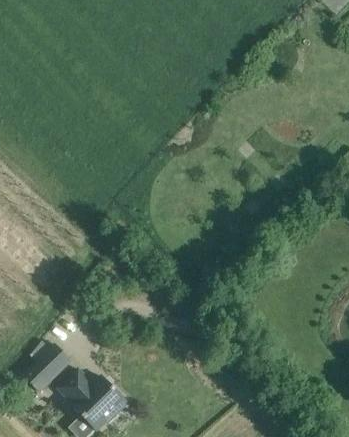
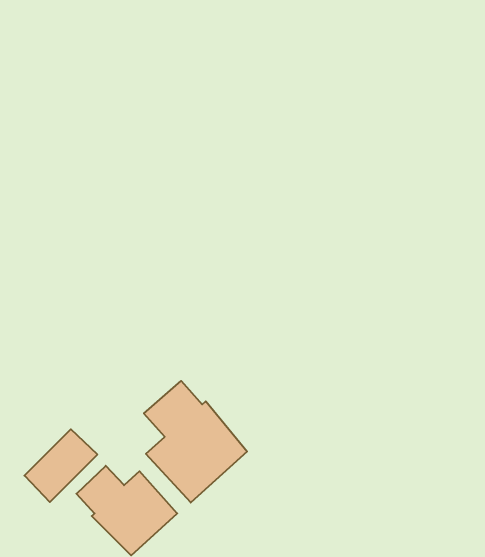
building: none -> [144,381,247,503]

